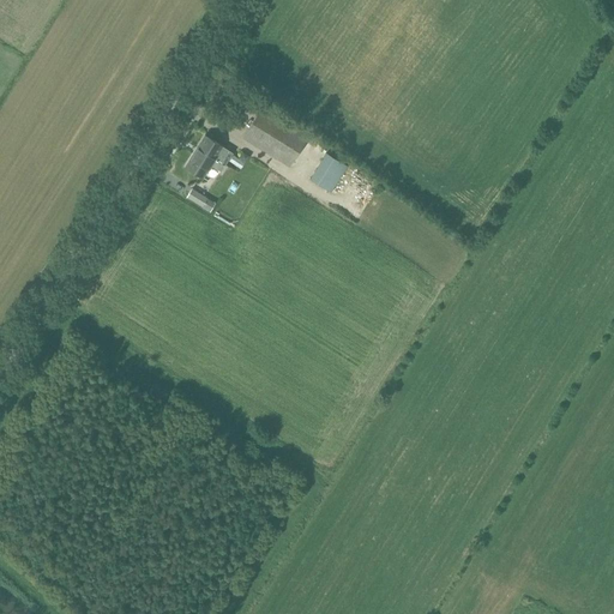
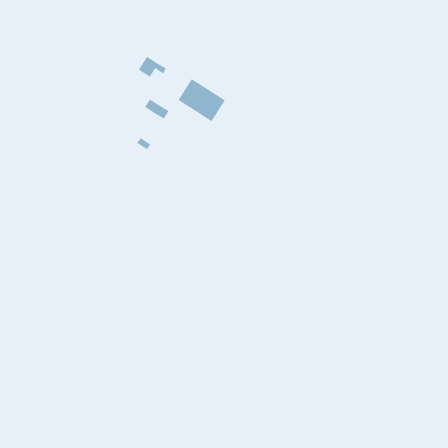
building: [186,148,225,177] -> [138,56,167,78]
building: [308,154,347,193] -> none

